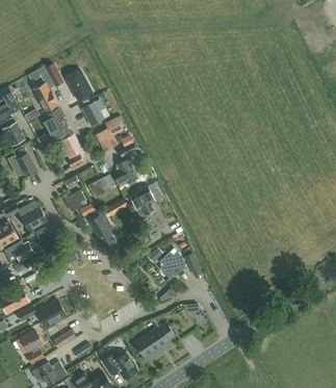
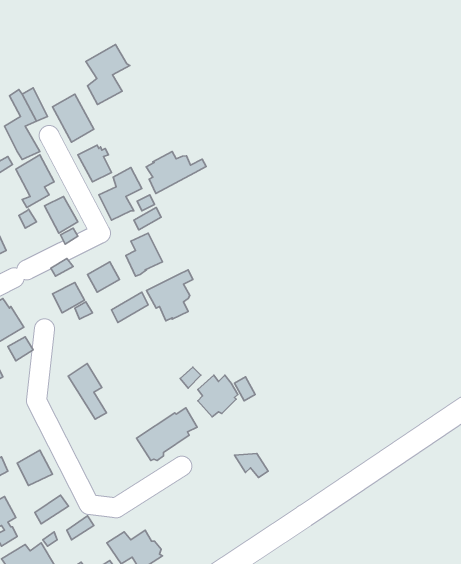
building: none -> [86,44,130,105]
building: none -> [146,152,206,194]
building: [91,213,115,250] -> [68,363,106,419]
building: [134,322,174,357] -> [136,408,197,461]

